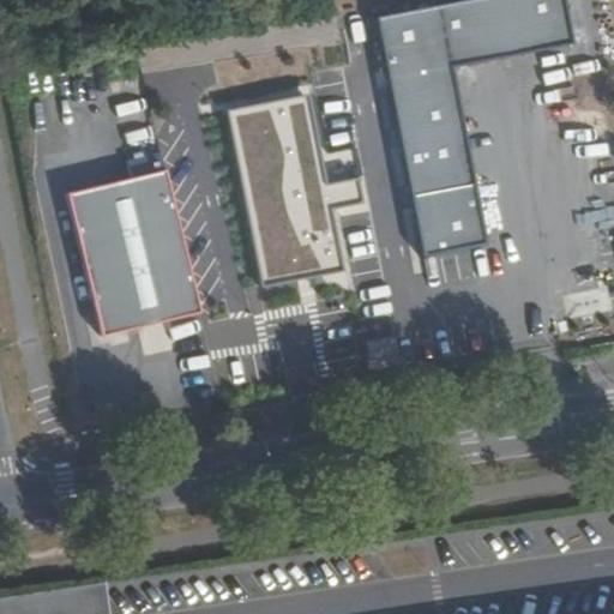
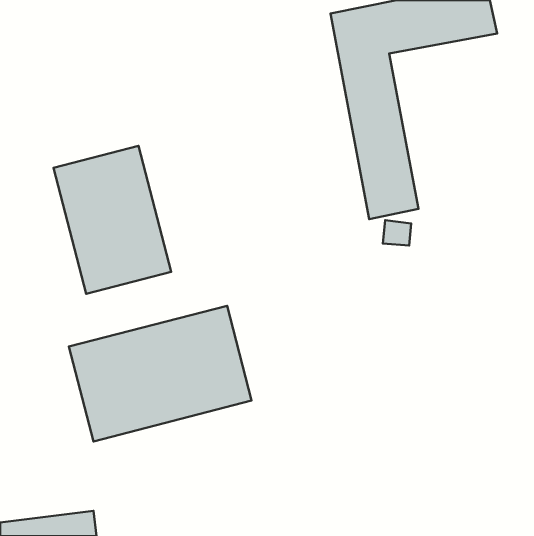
building: [233,95,365,279] -> none
building: none -> [69,306,252,442]

